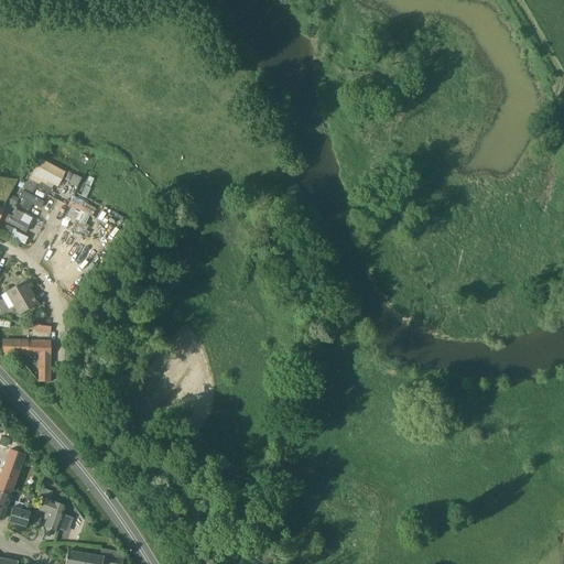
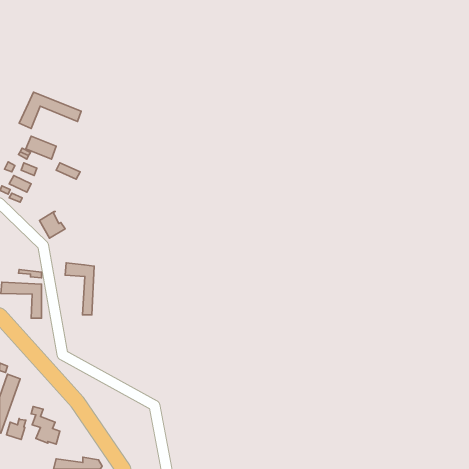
building: none -> [19,92,81,129]
building: [7,282,37,314] -> [40,211,65,238]
building: none -> [65,263,94,315]

